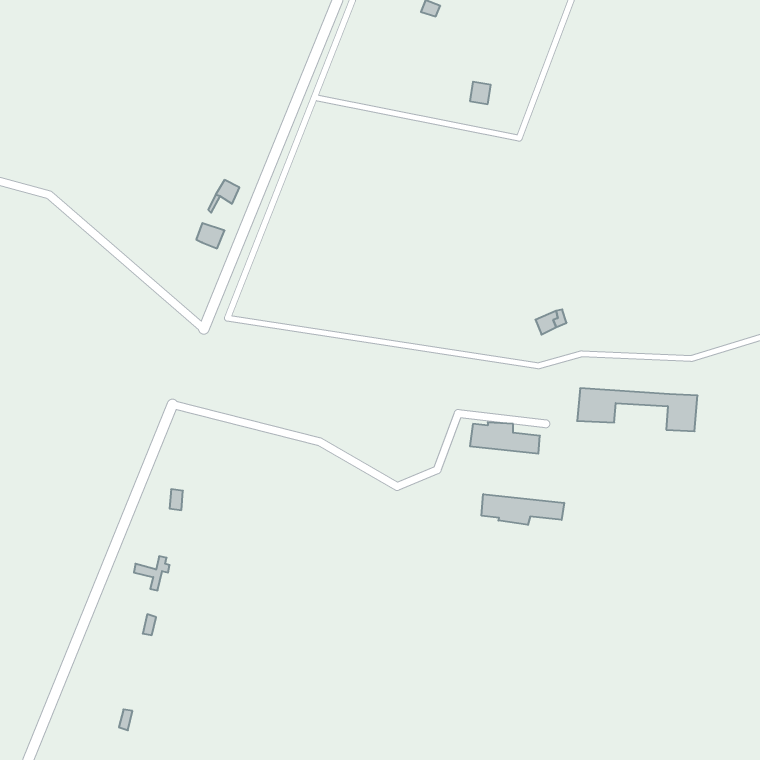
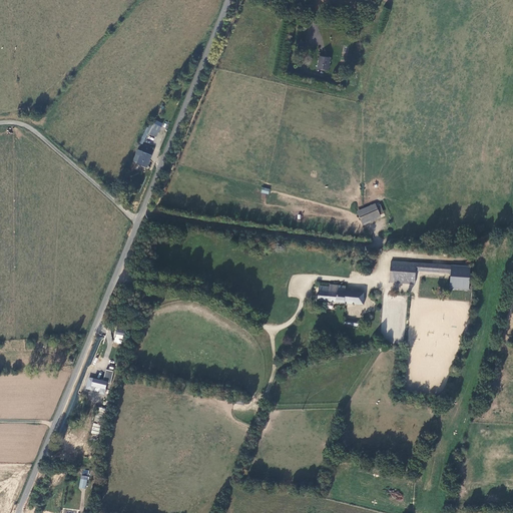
building: [482,494,564,525] -> none

